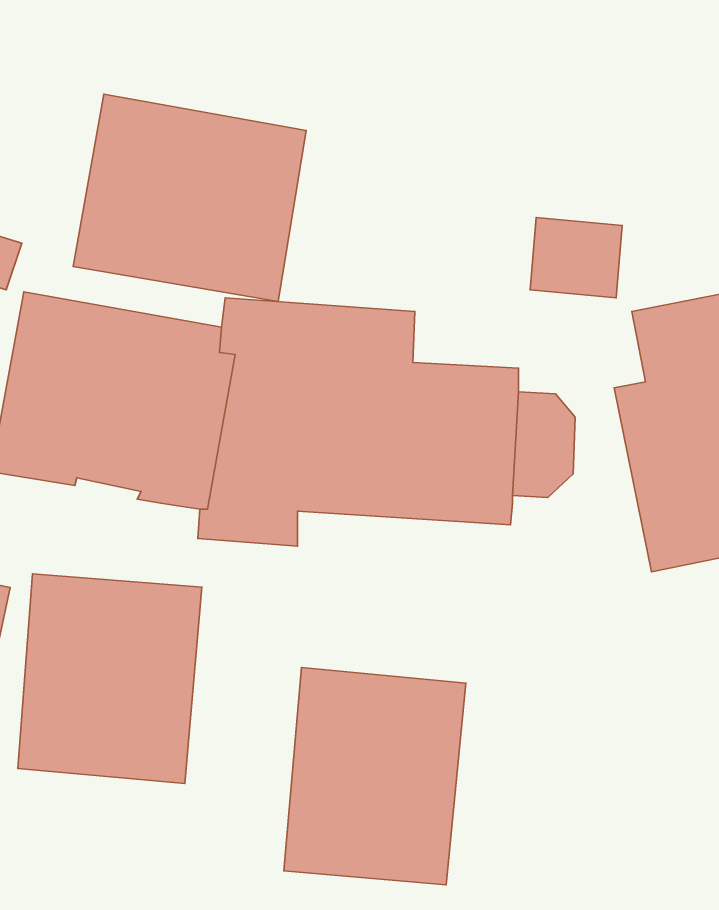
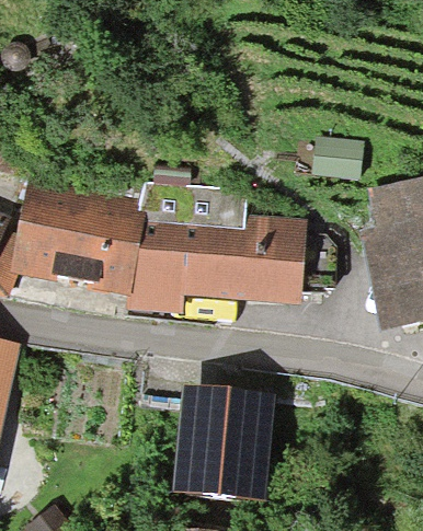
building: [73,94,306,302] -> none
building: [18,574,202,783] -> none

